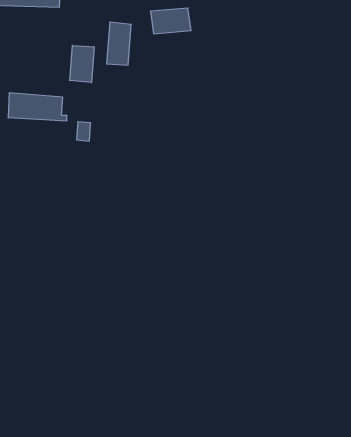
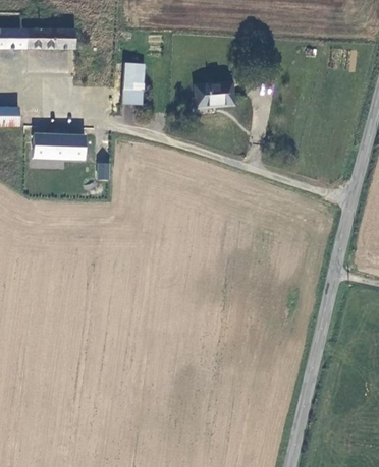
building: [150,8,191,34] -> [190,81,228,106]
building: [70,45,94,83] -> none

